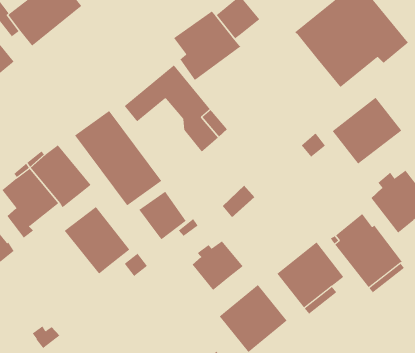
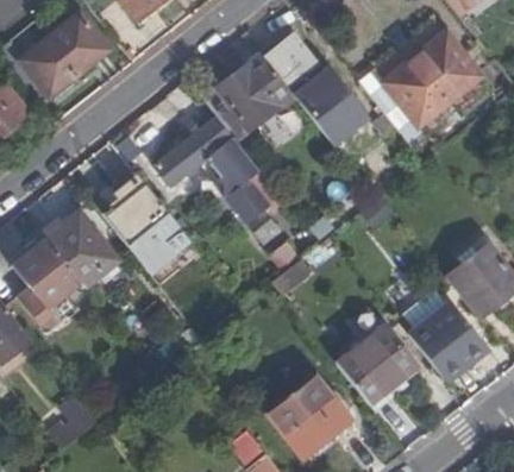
building: none -> [294,65,370,144]
building: [332,97,402,165] -> none
building: [139,191,187,240] -> none
building: [64,206,130,275] -> none
building: [192,241,243,291] -> none

